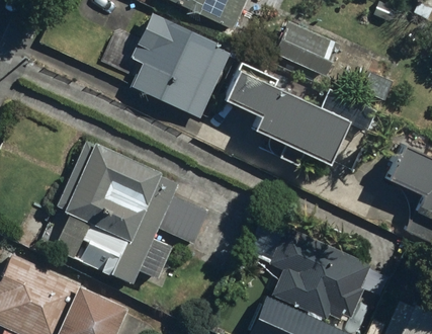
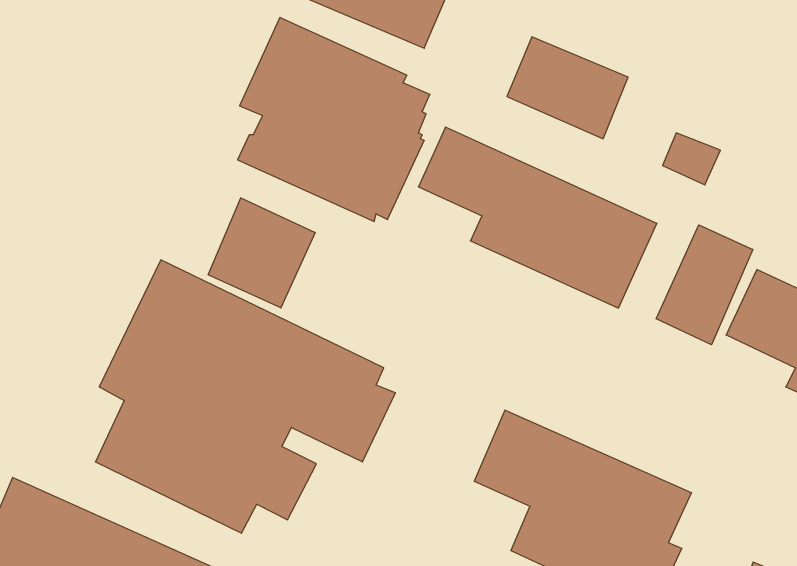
building: none -> [208,198,315,308]
building: none -> [656,225,753,345]

